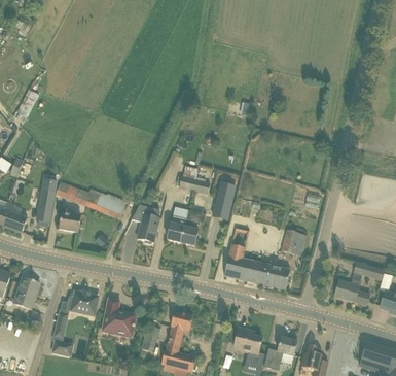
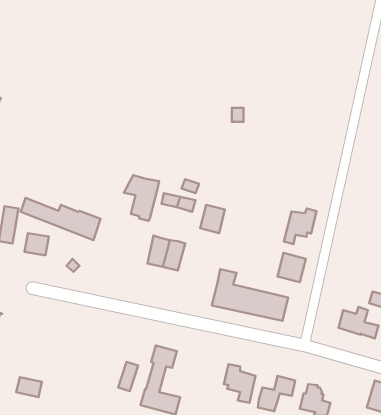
building: none -> [284,208,317,244]
building: [131,203,161,243] -> [124,175,159,221]
building: [68,290,98,314] -> none
building: [101,297,136,336] -> none

